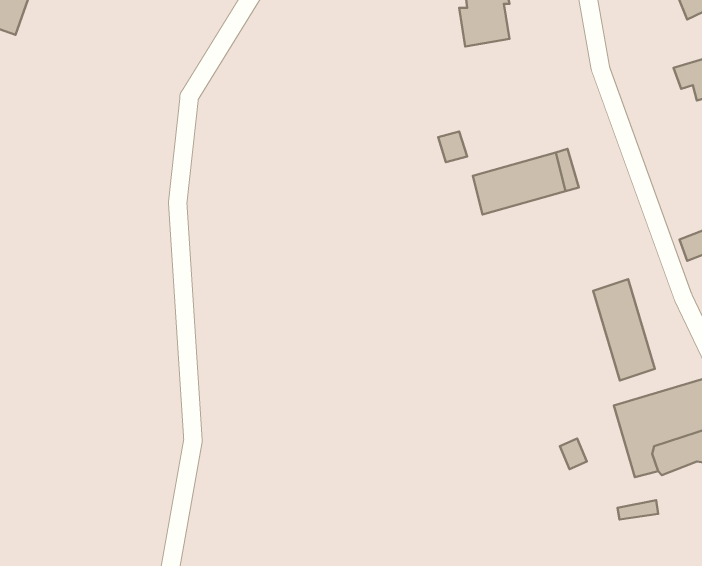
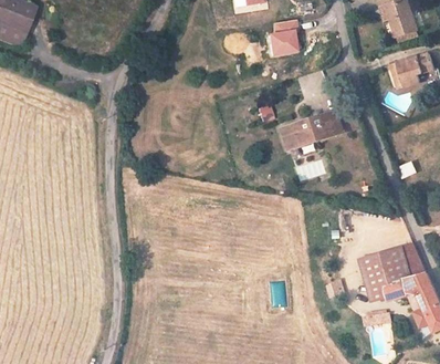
building: [593,279,655,380] -> none

